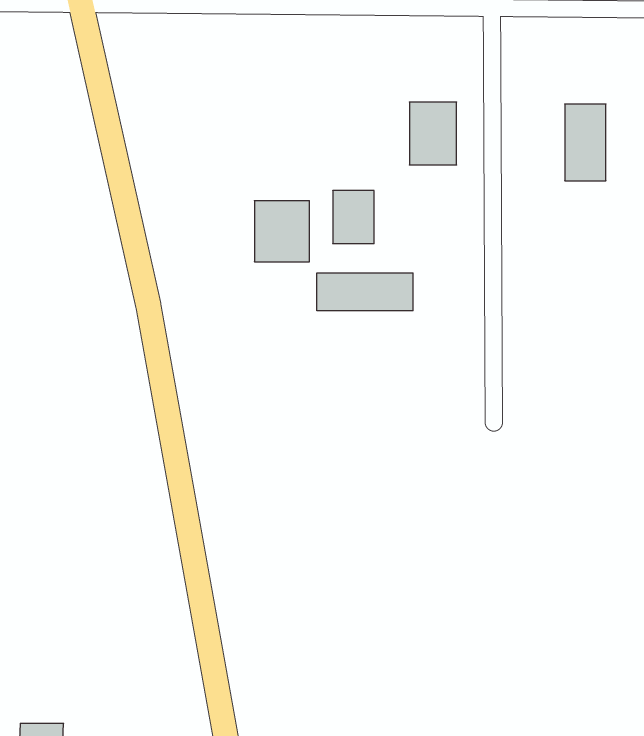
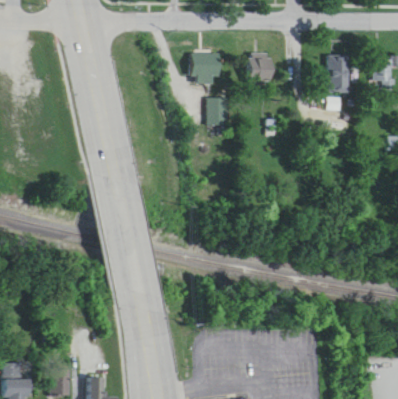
building: [254,201,309,262] -> [192,54,220,85]
building: [317,273,413,311] -> none

